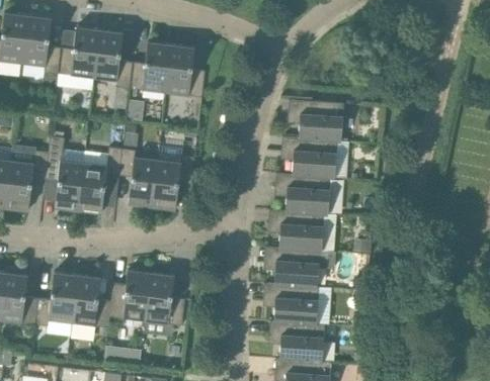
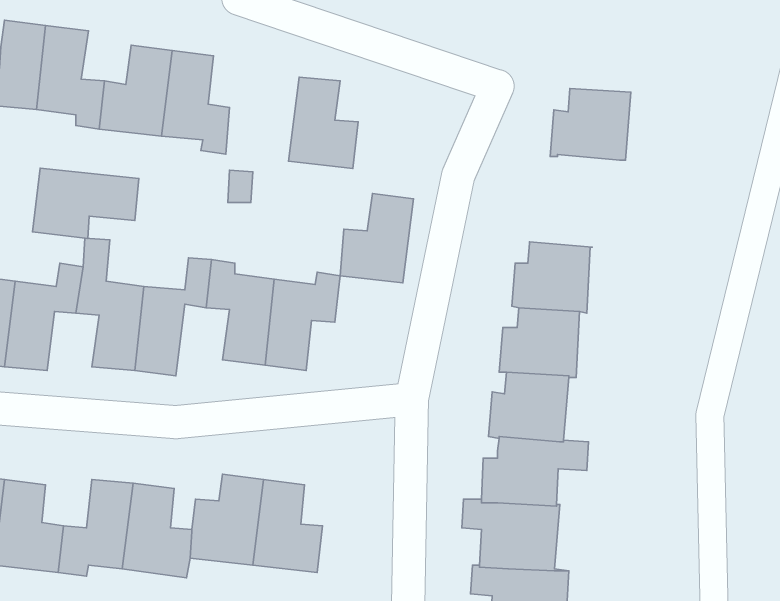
building: [131,42,172,93] -> [340,193,413,283]
building: none -> [32,168,139,238]
building: [299,101,344,141] -> [550,89,631,160]

